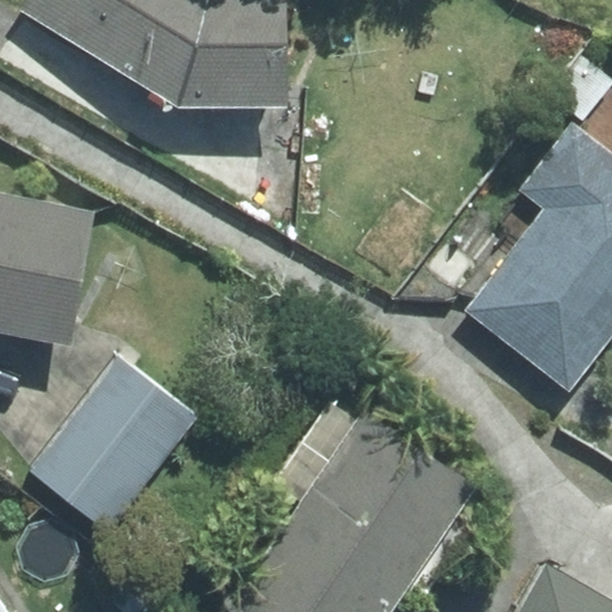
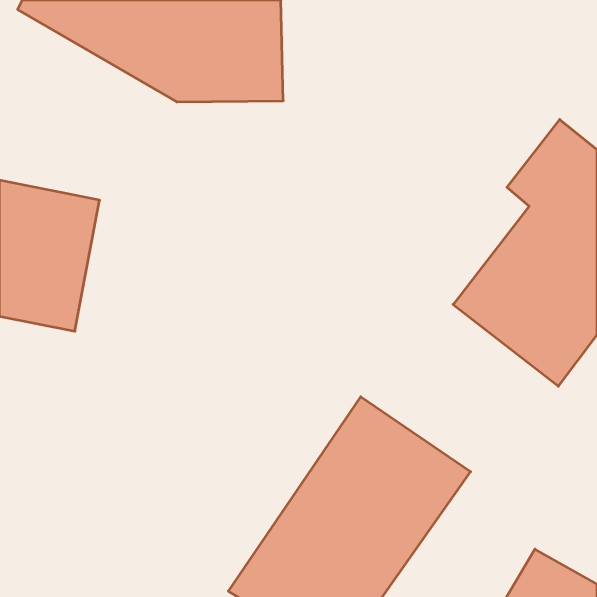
building: [26,354,196,531] -> none

